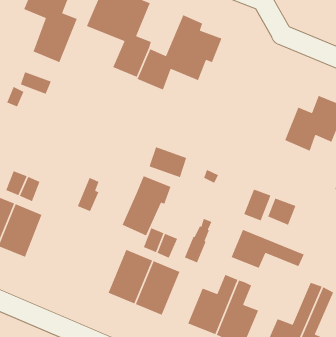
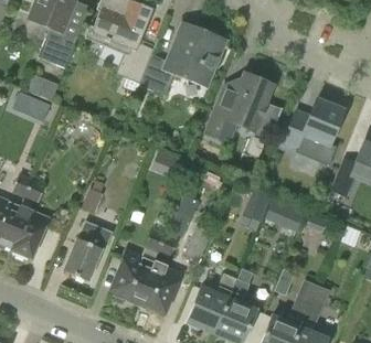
building: none -> [205,73,282,143]
building: [122,175,172,237] -> [64,222,113,281]
building: [230,229,305,269] -> none

